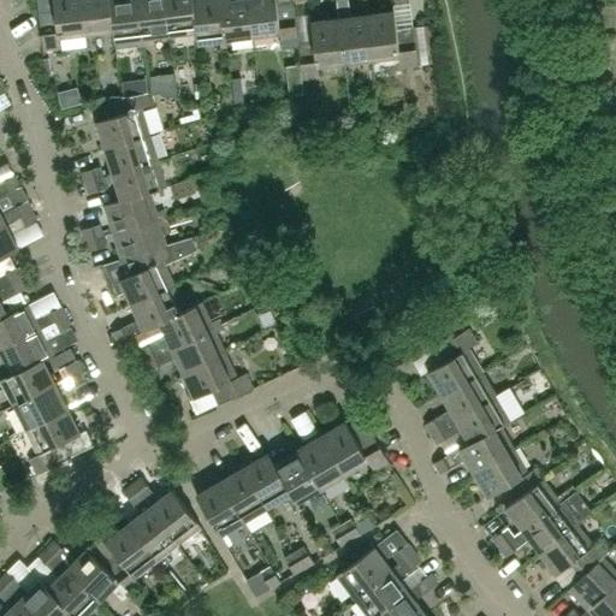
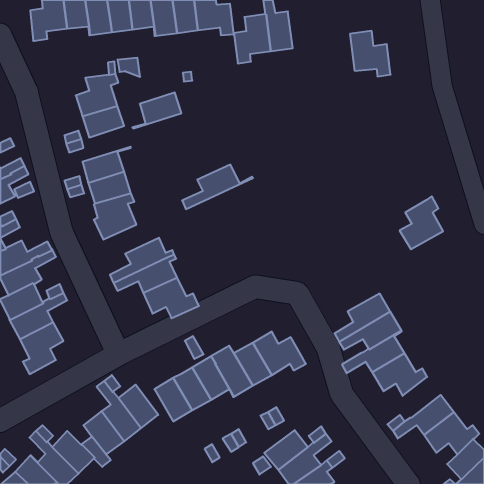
building: [366,11,417,69] -> [350,31,391,76]
building: [103,160,166,206] -> [132,92,181,128]
building: [112,285,202,342] -> [182,165,253,209]
building: [427,328,482,396] -> [400,196,443,249]
building: [504,479,559,531] -> none

